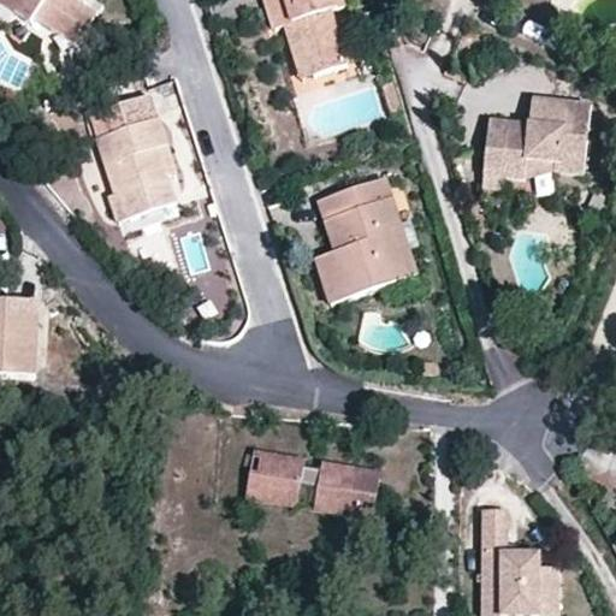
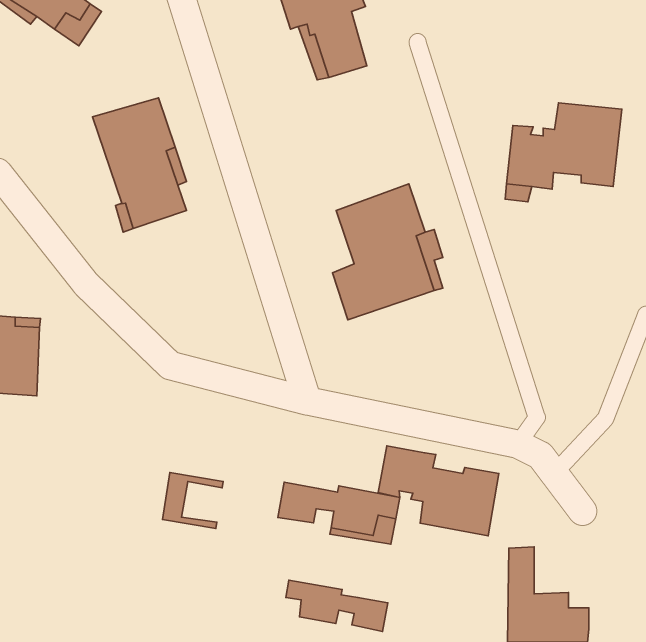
building: none -> [378,446,499,536]
building: [245,449,303,502] -> [162,473,223,528]
building: none -> [286,580,388,632]

